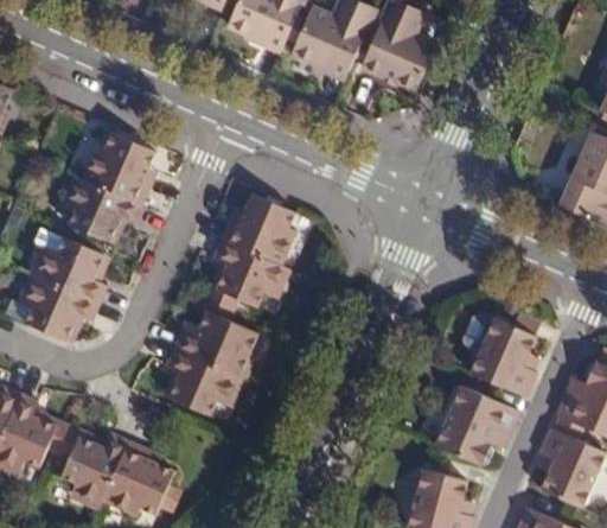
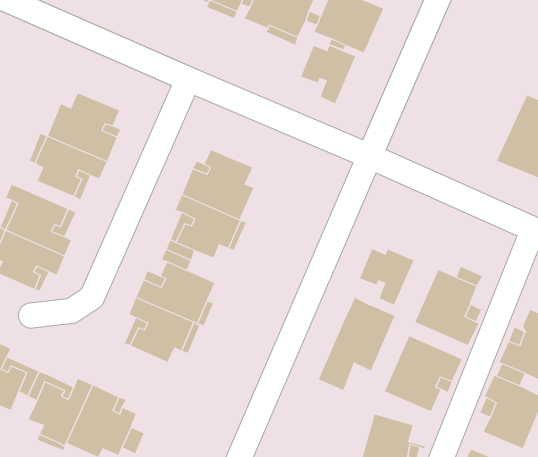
building: none -> [300,45,356,104]
building: none -> [359,249,414,306]
building: none -> [318,297,395,391]

